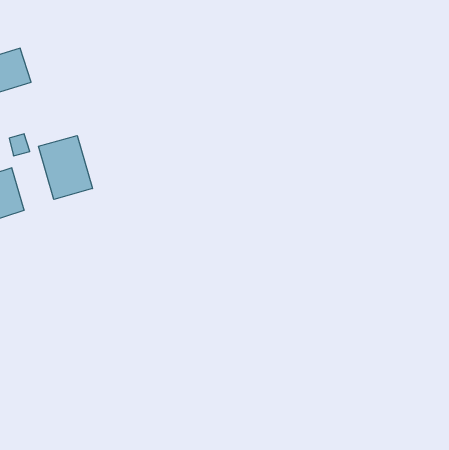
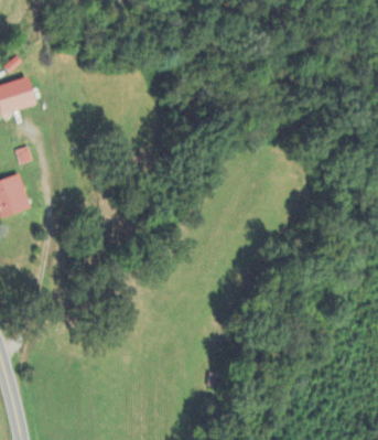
building: [38,136,92,199] -> none

